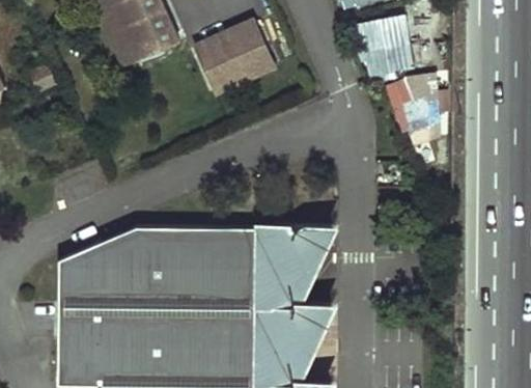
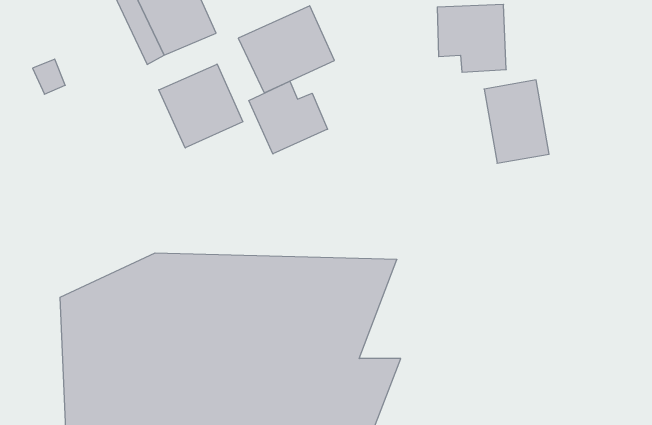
building: none -> [159,64,243,148]
building: none -> [249,81,328,154]

